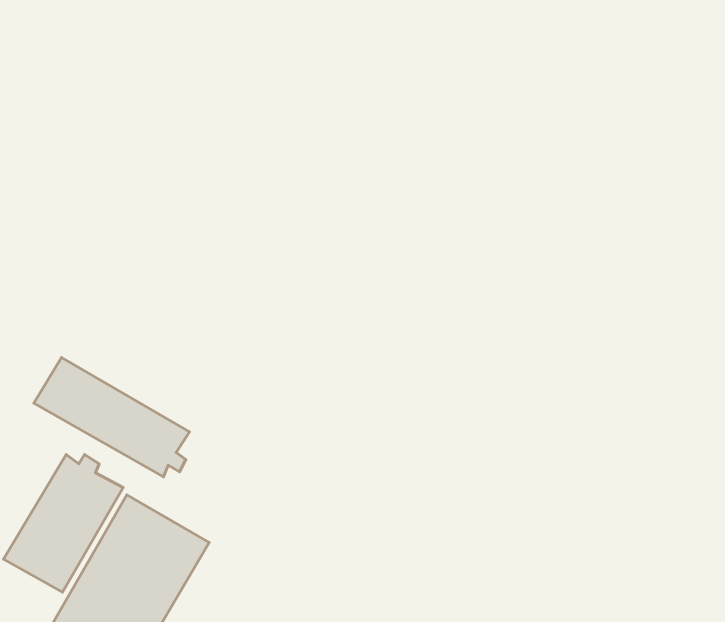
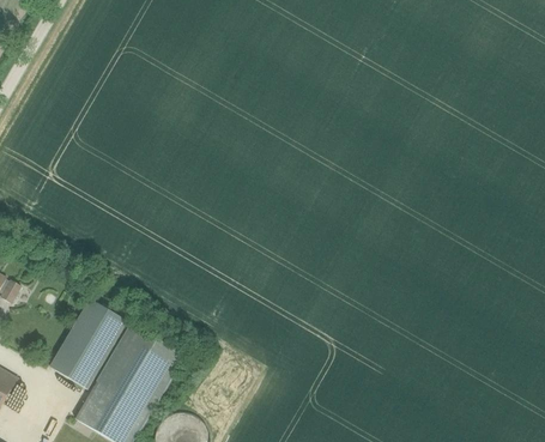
building: [34,358,190,477] -> none

